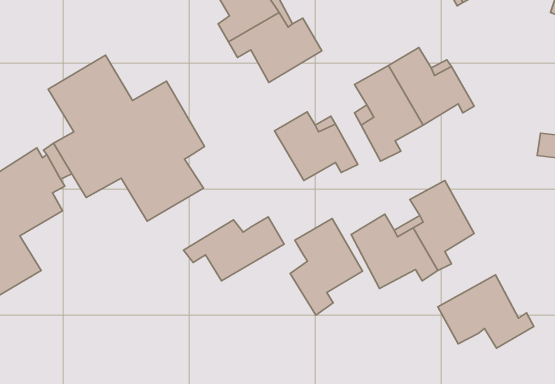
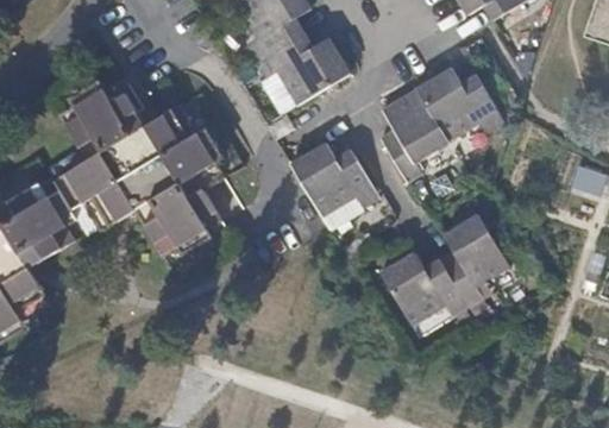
building: [183,217,284,281] -> none
building: [290,218,363,315] -> none
building: [438,275,534,348] -> none

